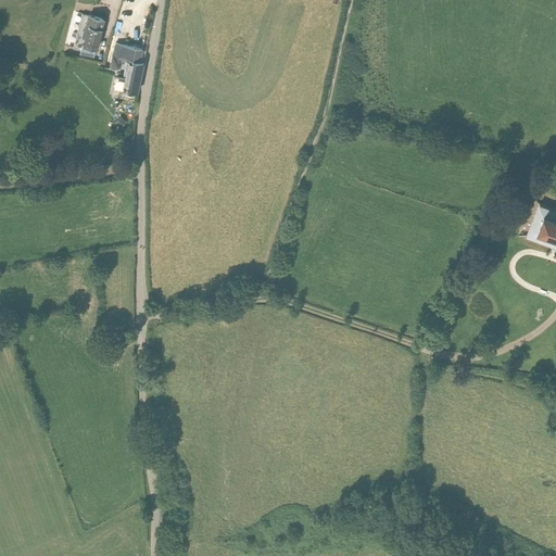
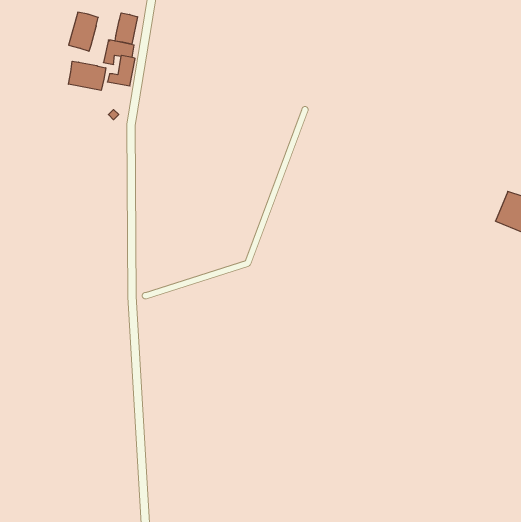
building: none -> [115,13,138,44]
building: none -> [68,61,106,90]

